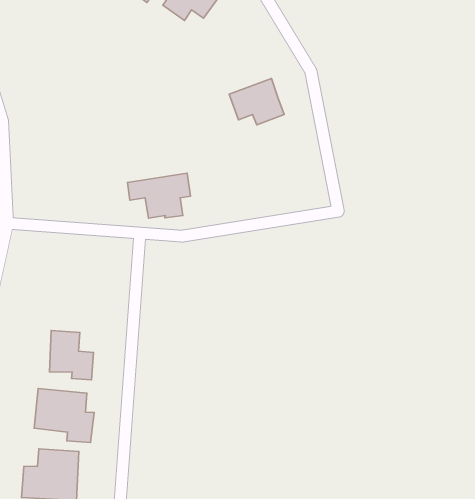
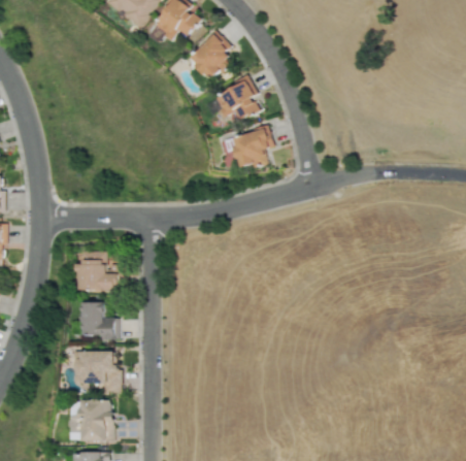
building: none -> [189,32,232,79]
building: [127,173,190,218] -> [220,128,272,167]
building: none -> [77,260,119,291]

